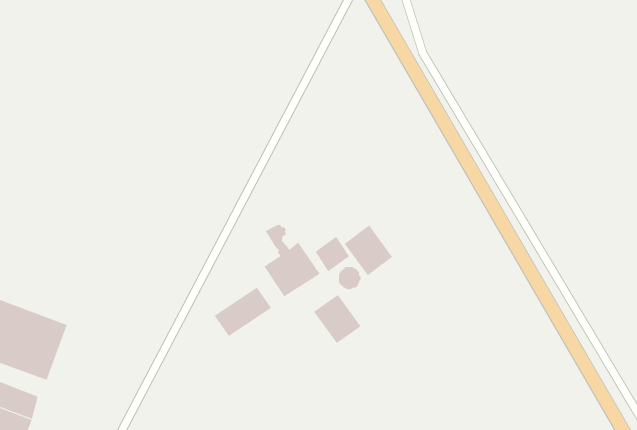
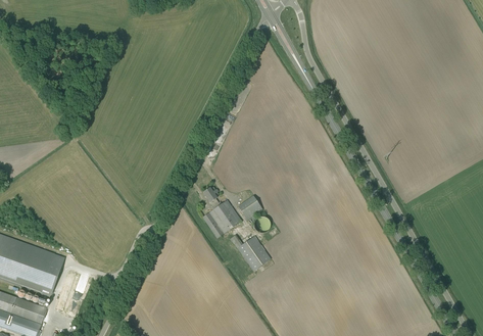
building: [344,225,393,276] -> none
building: [214,287,272,337] -> none

